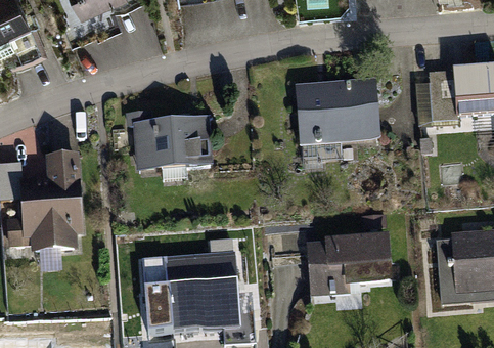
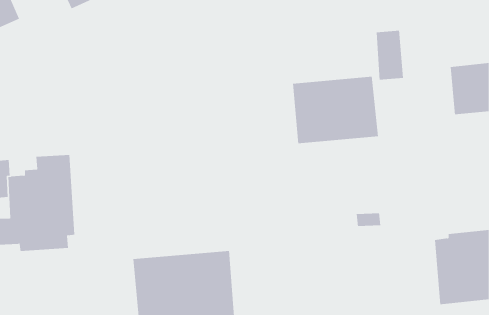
building: [428,72,455,121] -> [376,30,404,80]
building: [133,120,213,175] -> none
building: [306,235,394,297] -> none

